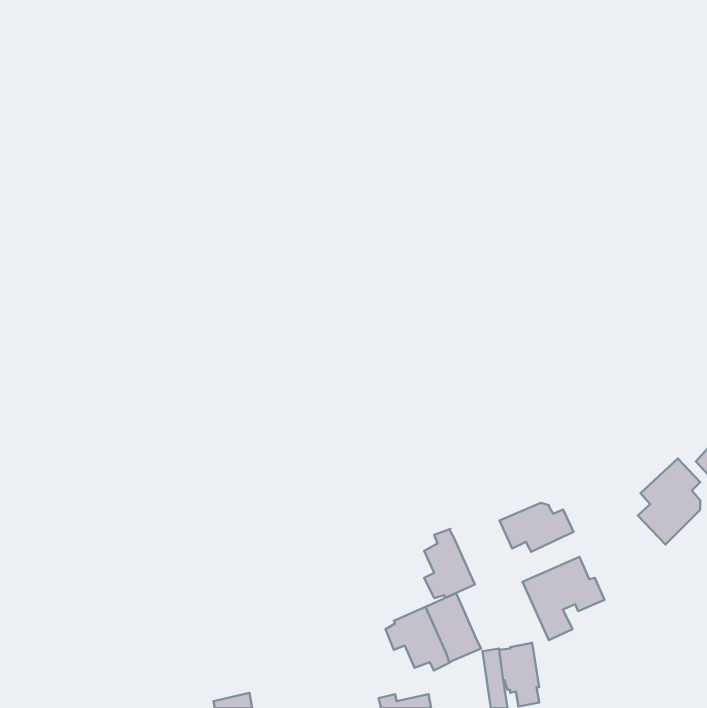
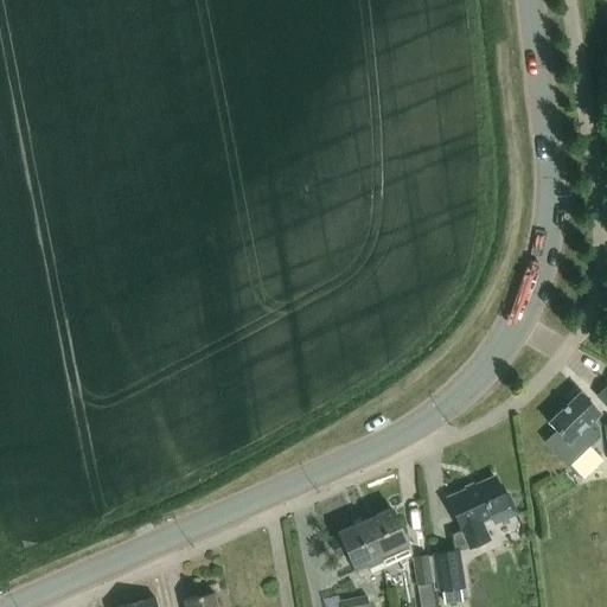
building: [500,503,573,552] -> none
building: [424,529,475,598] -> none

